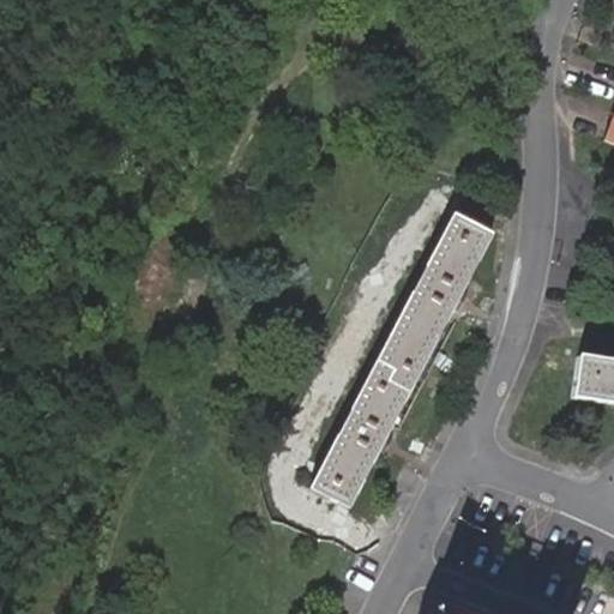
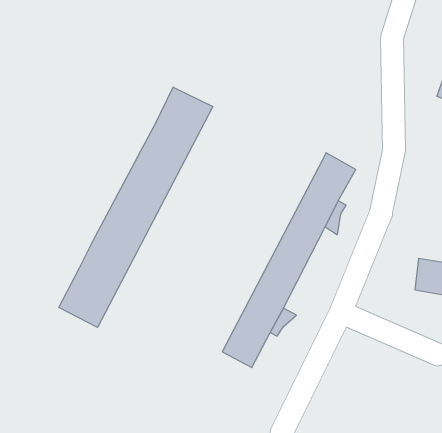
building: none -> [59,87,213,327]

